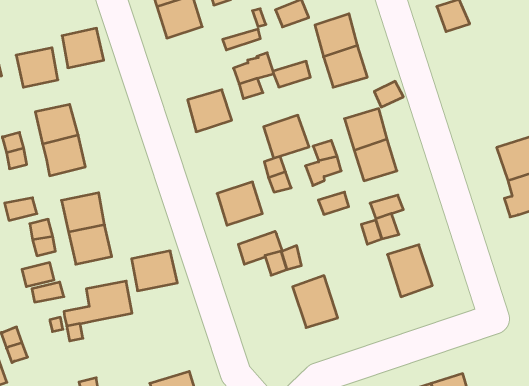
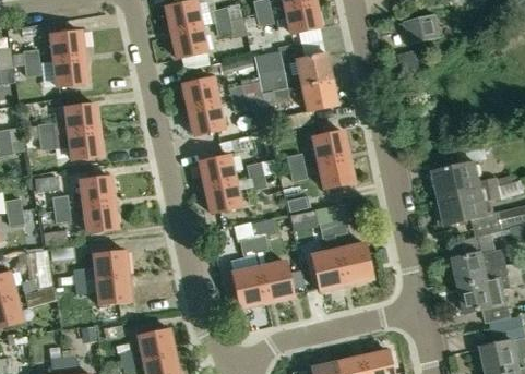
building: [62,28,104,68] -> [52,31,84,60]
building: none -> [255,67,287,93]
building: none -> [183,77,217,109]
building: [264,115,309,158] -> [200,154,235,186]
building: [132,251,177,291] -> [96,276,131,305]
building: none -> [311,249,345,289]
building: none -> [232,267,266,307]

